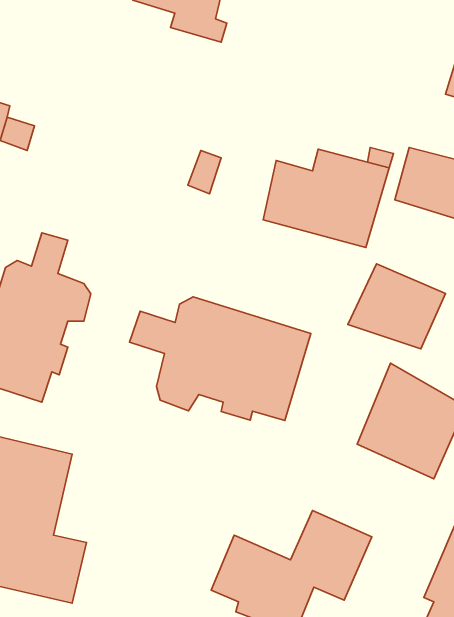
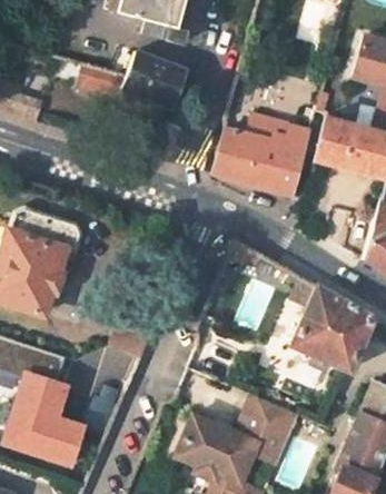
building: none -> [81,50,186,106]
building: [348,264,445,349] -> none
building: [129,297,311,420] -> none

